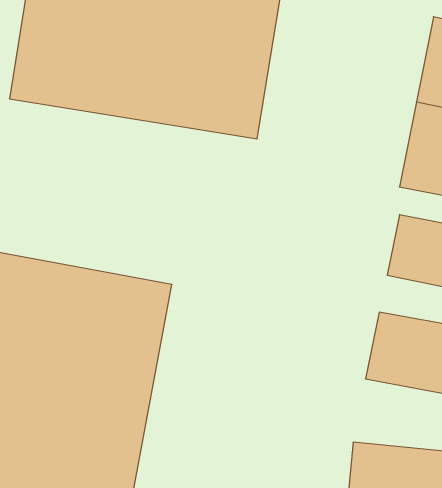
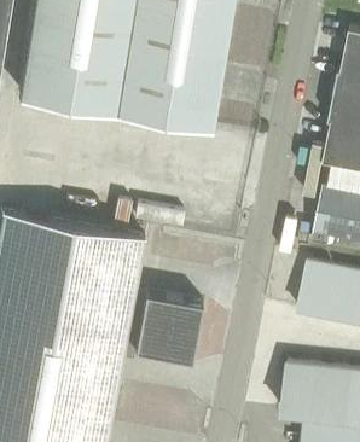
building: none -> [135,297,203,365]

